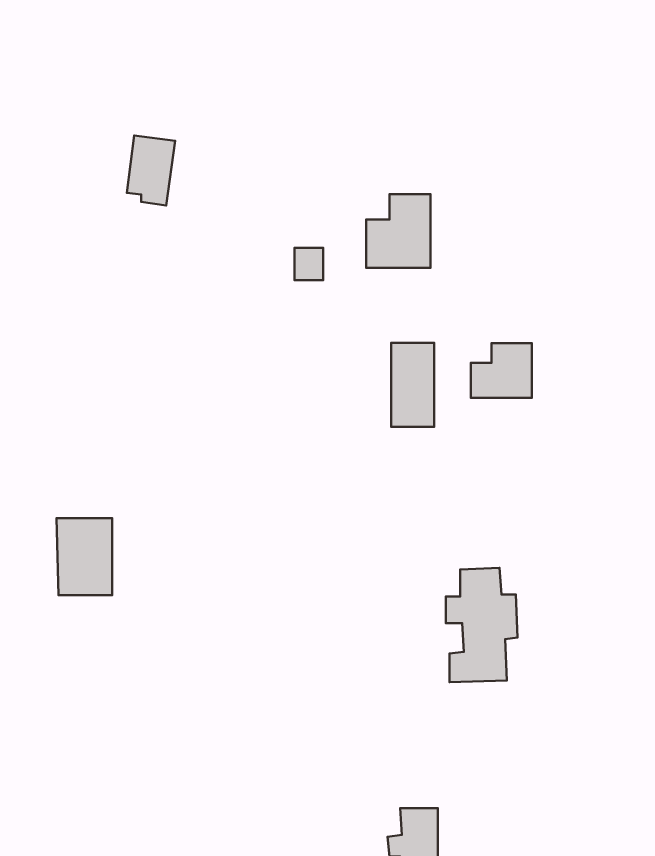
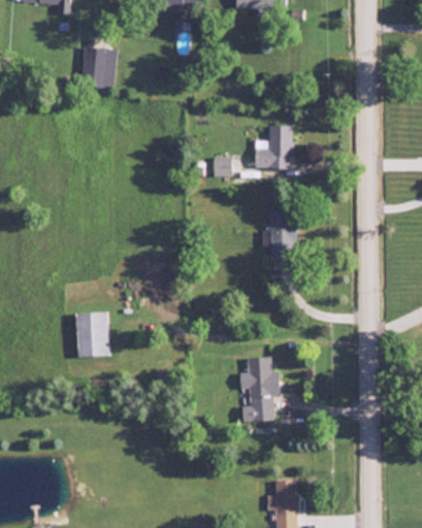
building: [127,136,175,205] -> [80,45,108,86]
building: [471,343,532,398] -> none
building: [446,568,518,682] -> [239,356,281,422]

